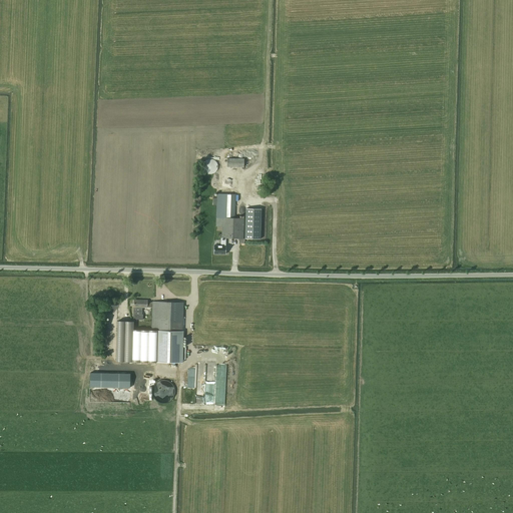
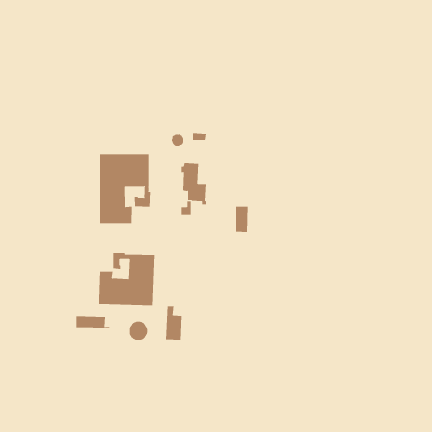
building: none -> [100,153,151,224]
building: [248,207,265,238] -> [235,206,249,233]

